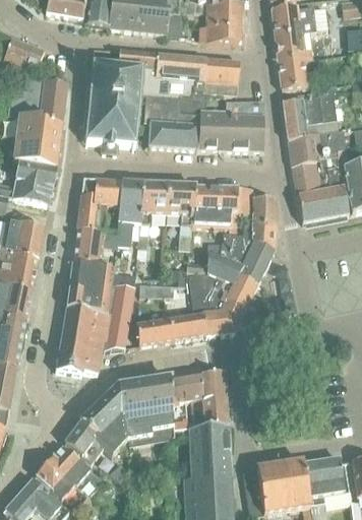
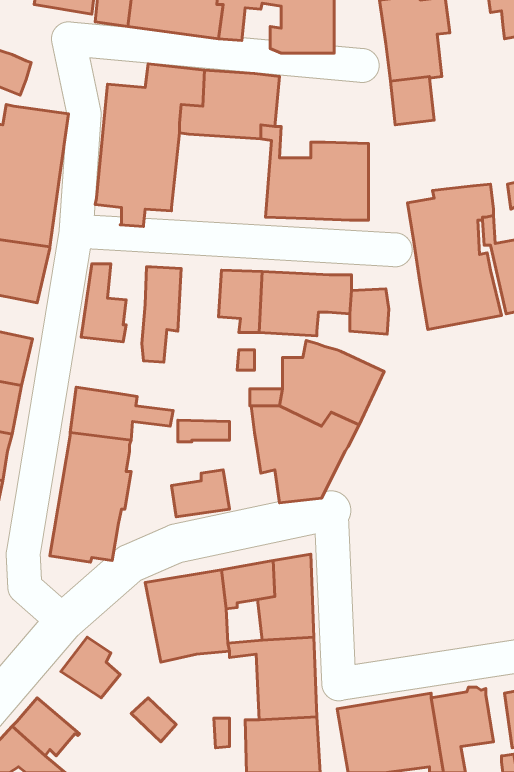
building: [202,58,239,93] -> none
building: [282,86,336,140] -> none
building: [143,95,200,149] -> none
building: [94,180,119,219] -> none
building: [136,183,168,255] -> none
building: [243,223,276,250] -> none
building: [73,228,117,264] -> none
building: [104,285,134,348] -> none
building: [169,312,205,339] -> none
building: [80,387,128,455] -> none
building: [171,398,194,427] -> none
building: [48,448,101,489] -> none

